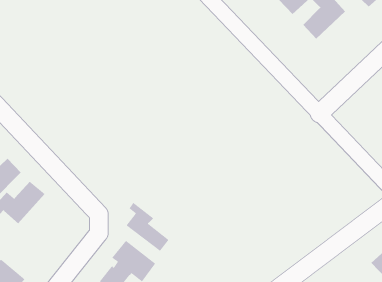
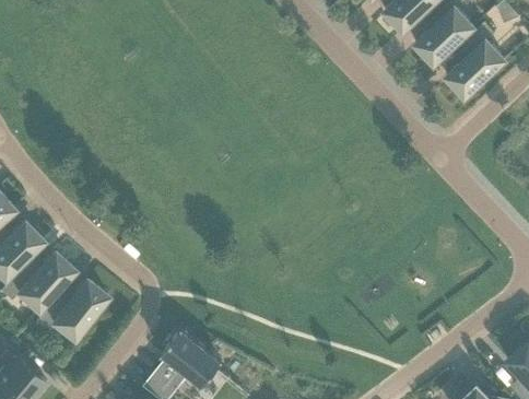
building: none -> [446,22,504,96]
building: none -> [34,279,106,338]
building: [125,202,170,252] -> none

